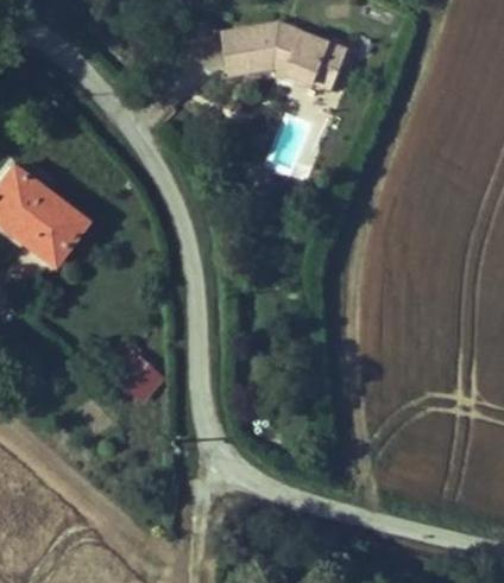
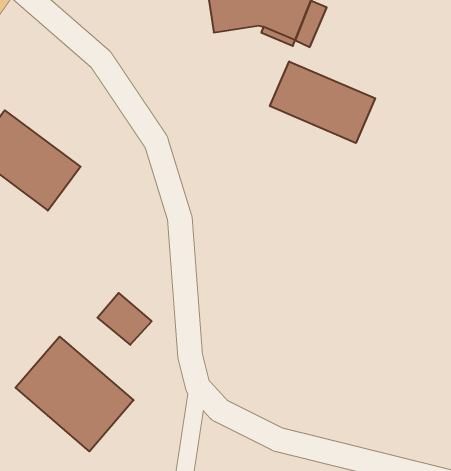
building: none -> [270,61,375,143]
building: none -> [15,337,134,451]

